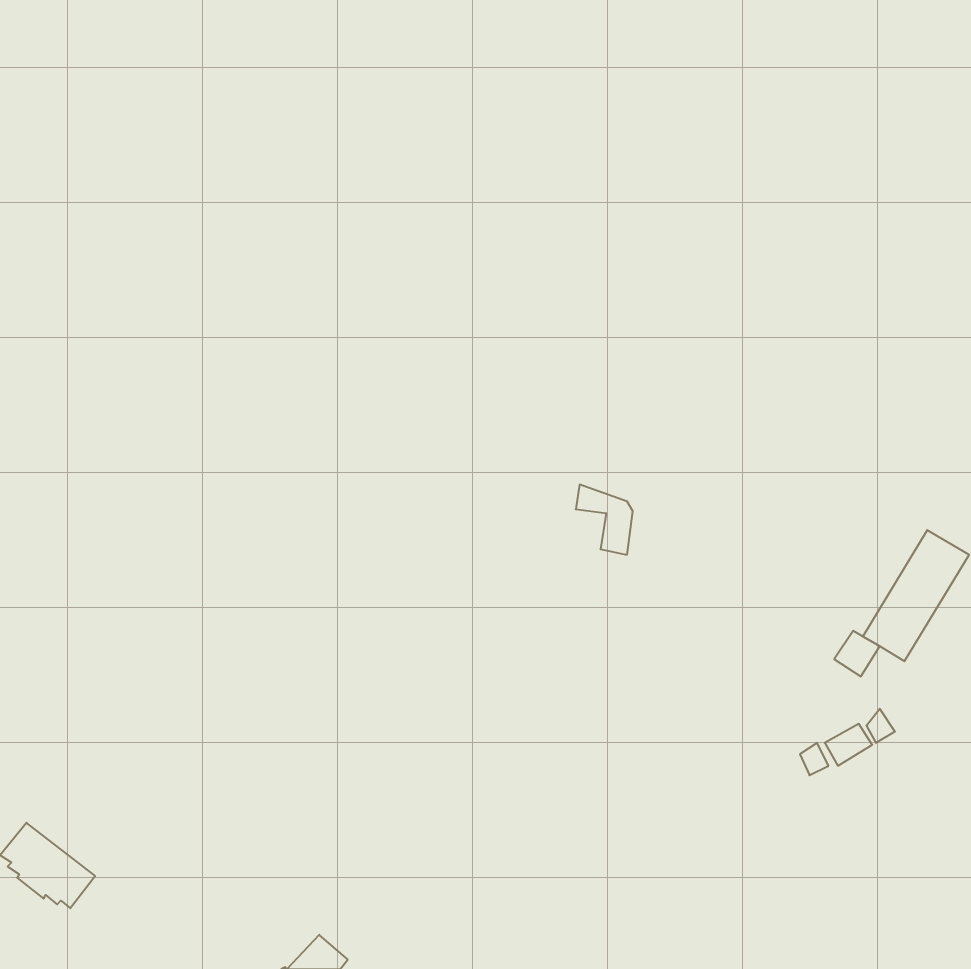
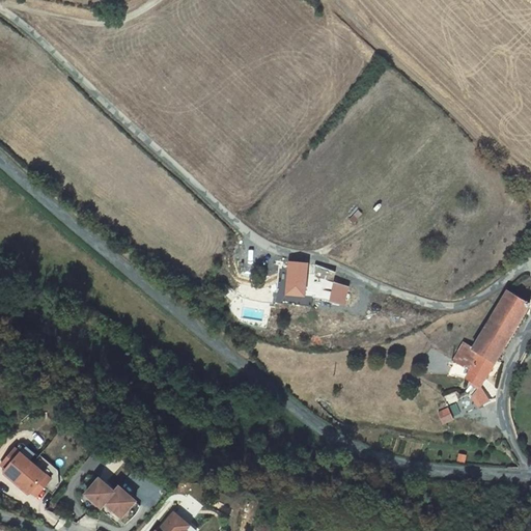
building: none -> [286,260,309,297]
building: none -> [464,353,494,387]
building: none -> [86,479,136,519]

